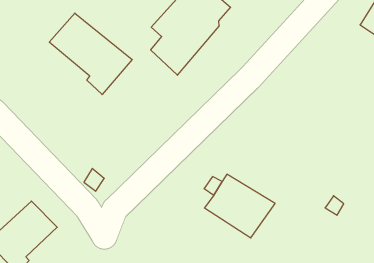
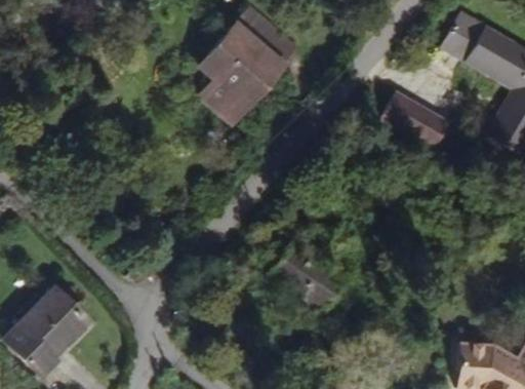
building: [49,13,132,95] -> none
building: none -> [377,94,444,152]

